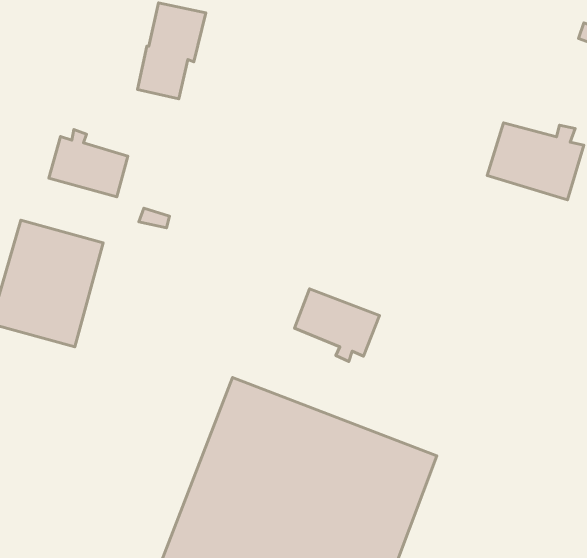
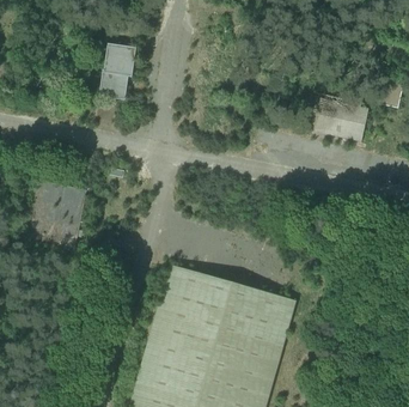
building: [49,130,128,197] -> none
building: [294,289,379,362] -> none

